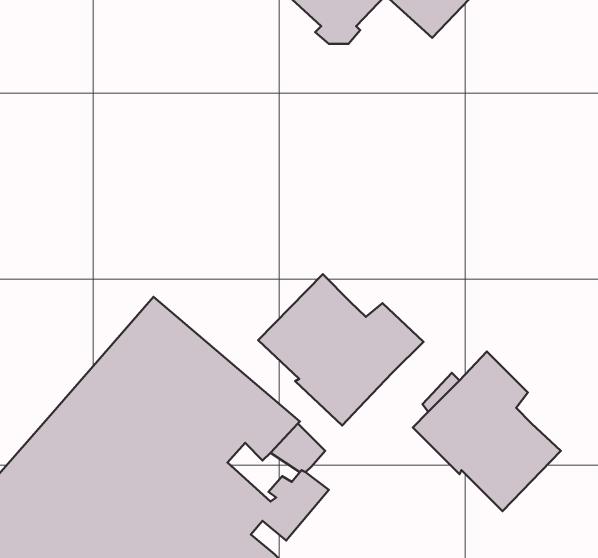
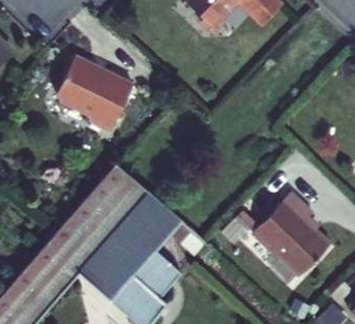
building: none -> [57,55,134,130]
building: [258,274,423,425] -> none

